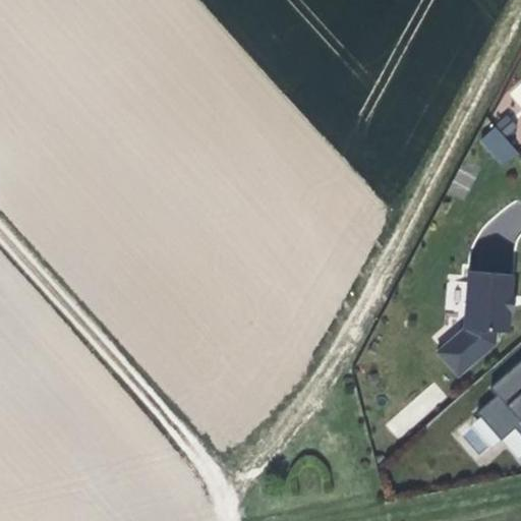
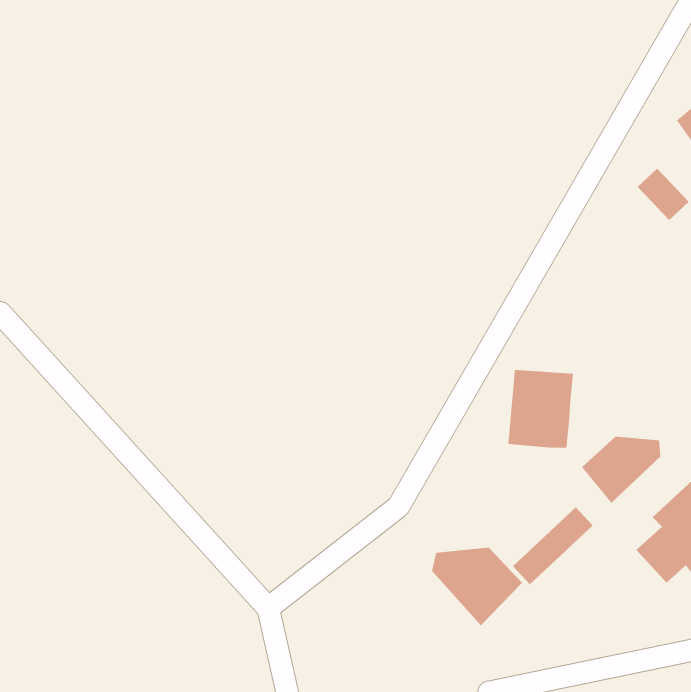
building: [463,272,513,331] -> [507,370,574,448]
building: none -> [431,547,523,626]

